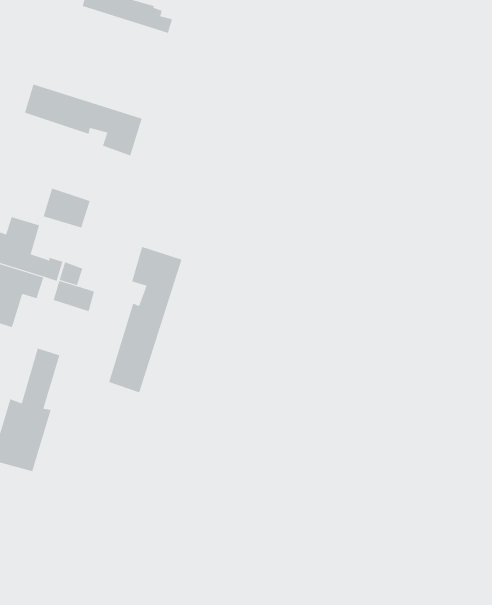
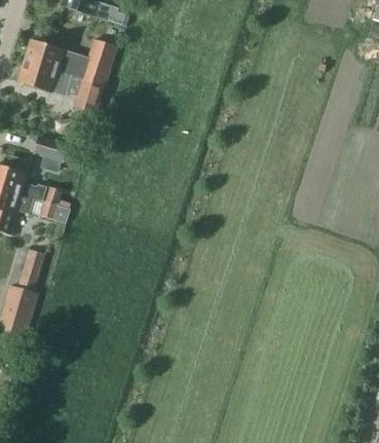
building: none -> [26,38,118,86]
building: [109,246,182,393] -> none

